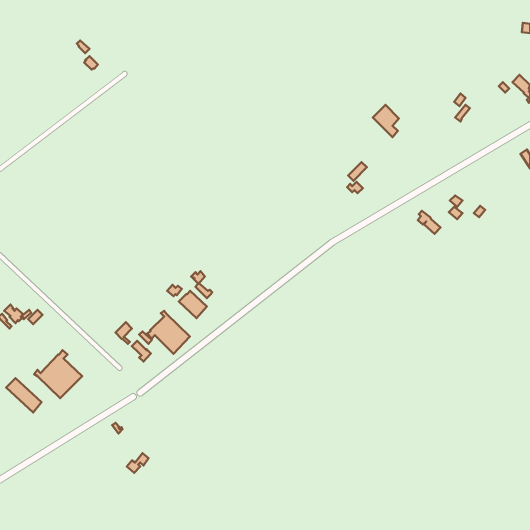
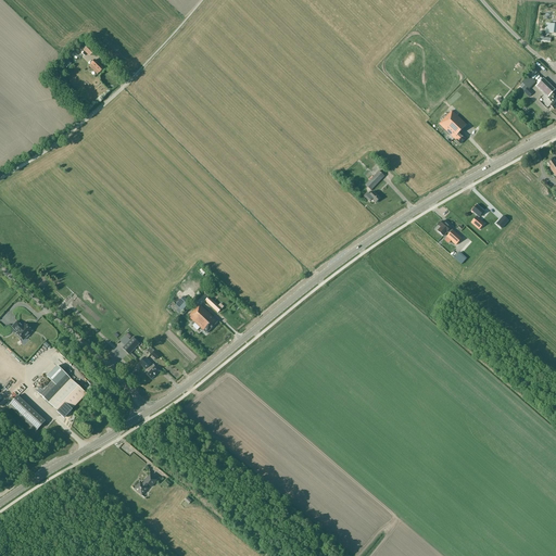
building: [373,105,399,137] -> [438,110,465,143]
building: [147,311,190,354] -> none

